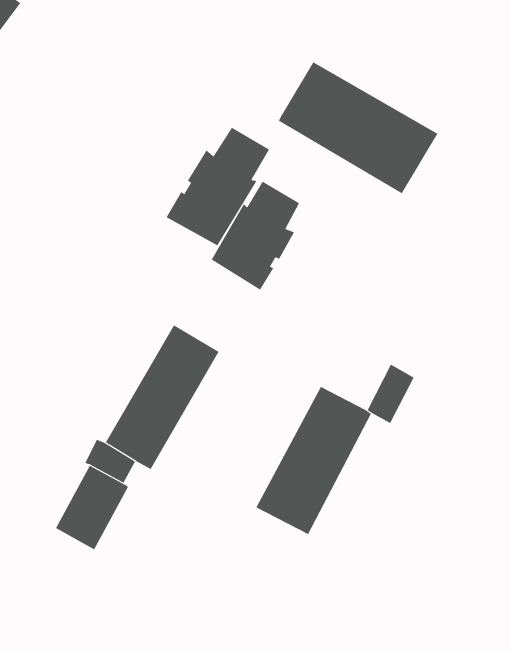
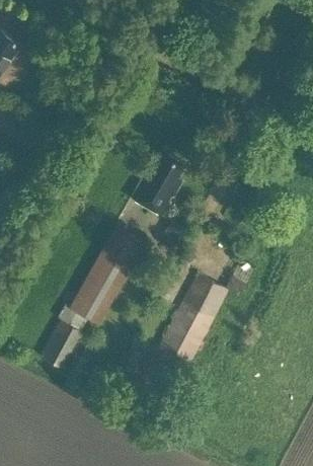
building: [278,61,438,194] -> none
building: [166,127,270,246] -> none

